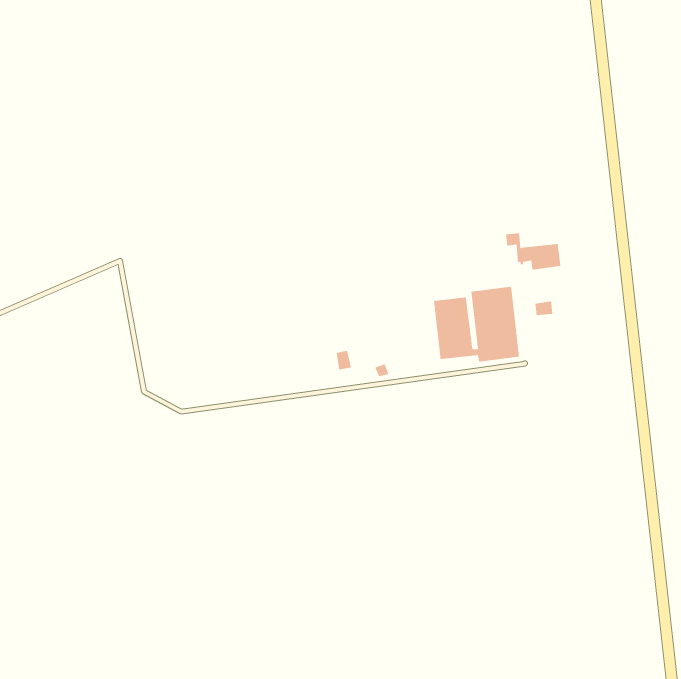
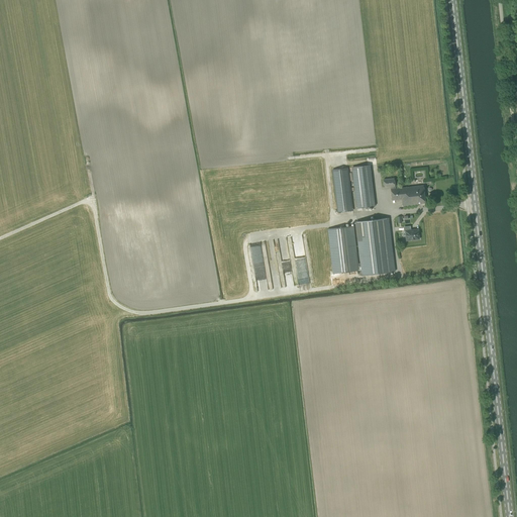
building: none -> [352,165,375,207]
building: none -> [332,167,352,211]

